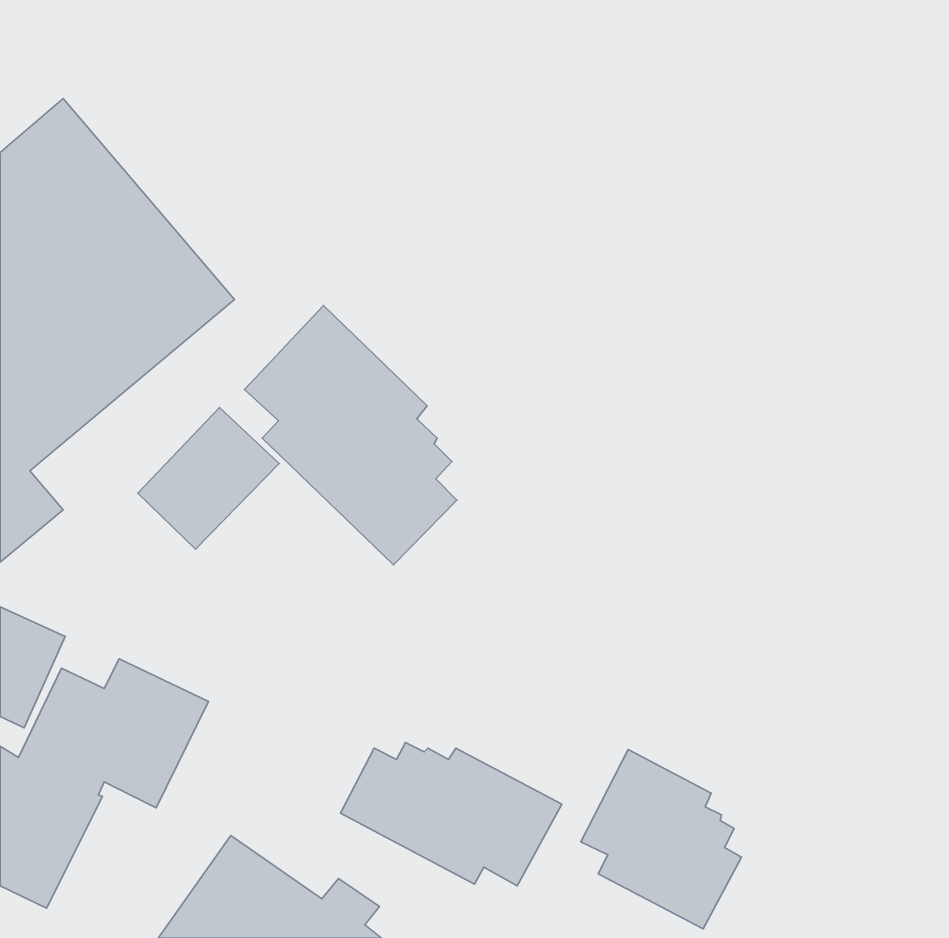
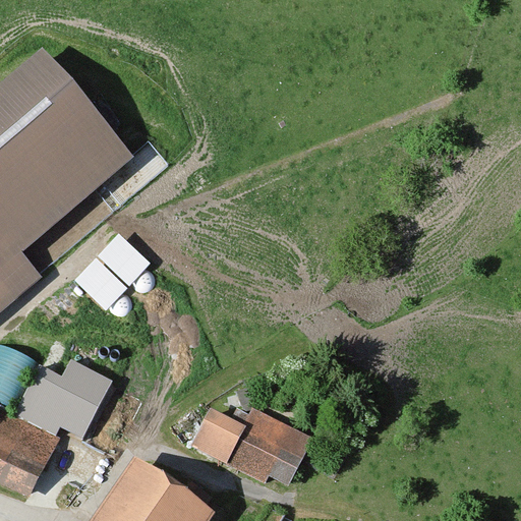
building: [245,306,457,565] -> none
building: [581,749,742,929] -> none

